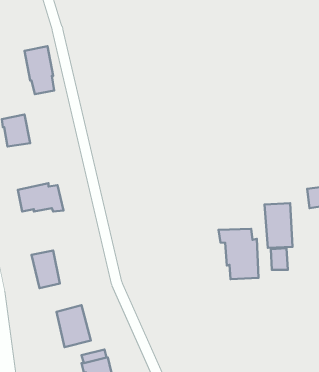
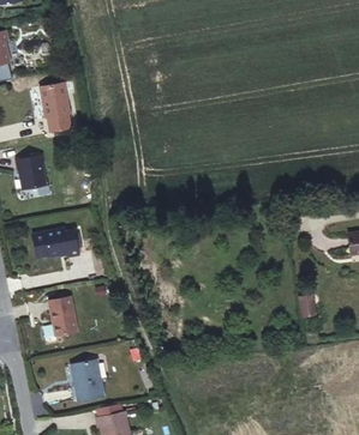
building: [265,203,293,248] -> none
building: [219,229,258,279] -> none

